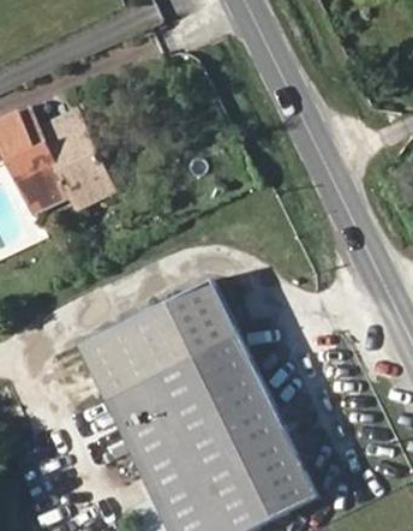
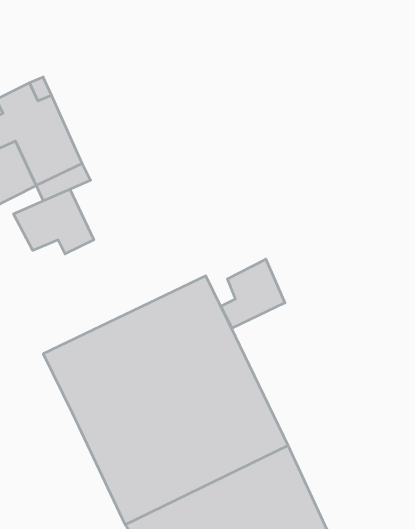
building: none -> [14,189,94,254]
building: none -> [221,259,285,328]

